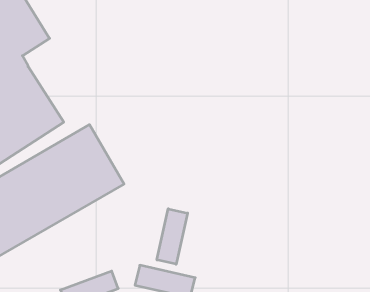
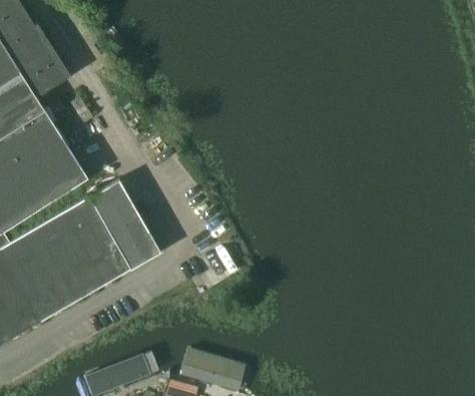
building: [157,209,188,264] -> none

